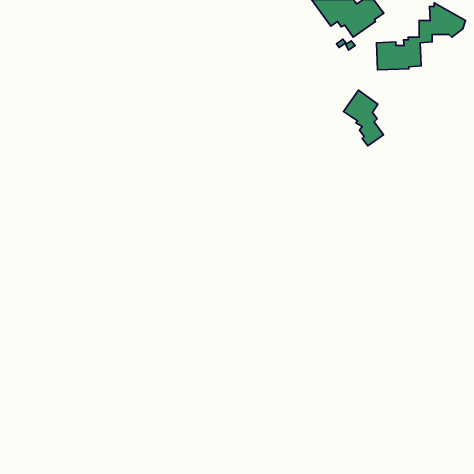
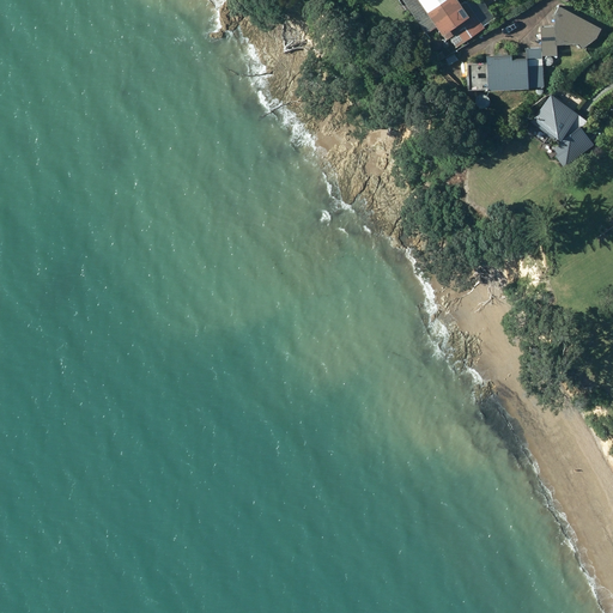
building: [344,90,384,146] -> [532,93,583,165]

